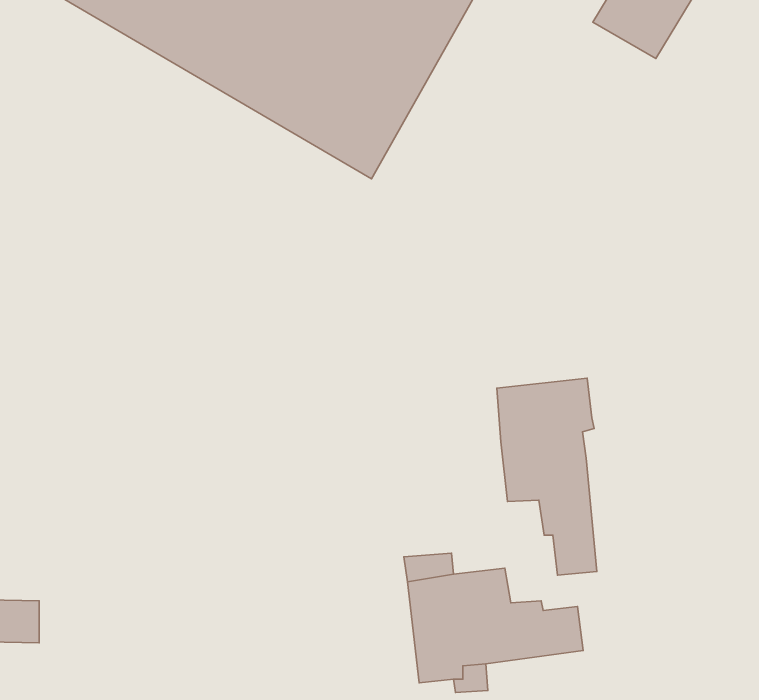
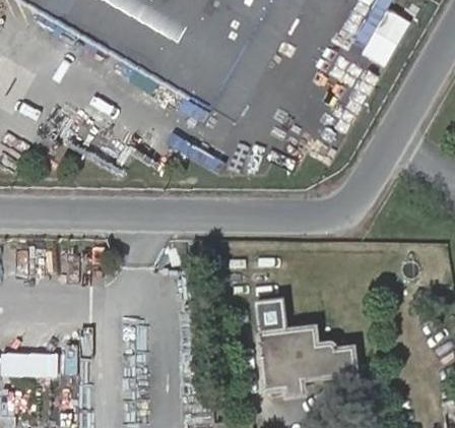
building: [497,378,597,575] -> none

